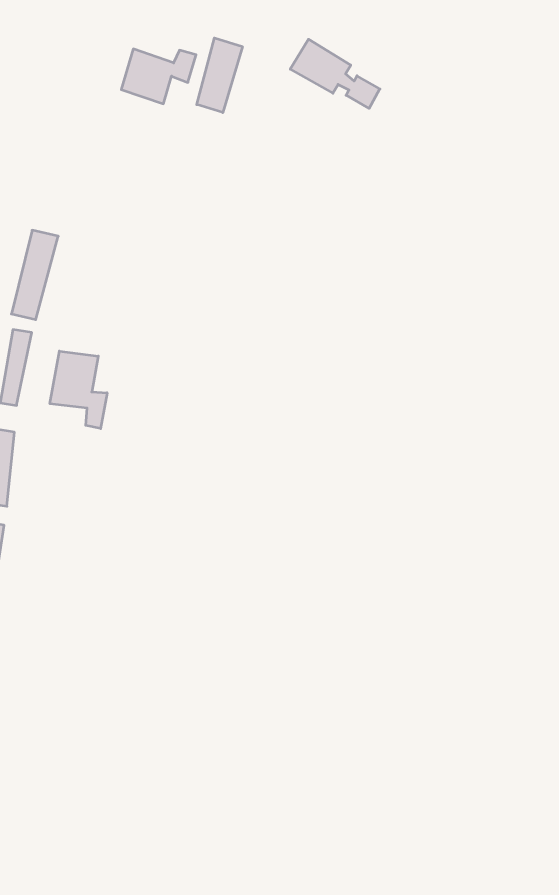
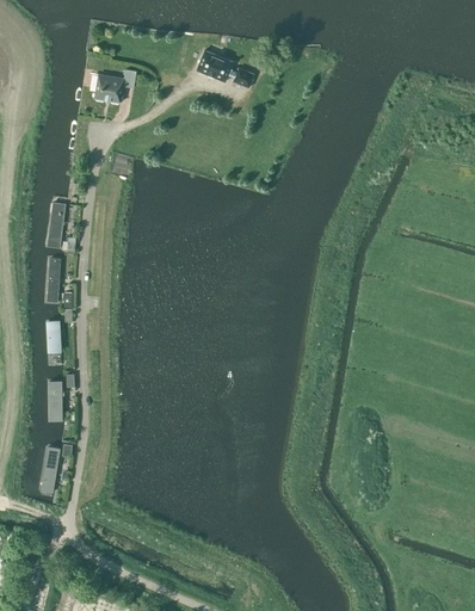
building: [197,38,242,113] -> none
building: [50,351,107,429] -> none

